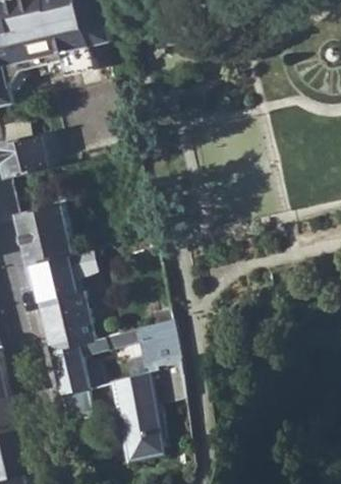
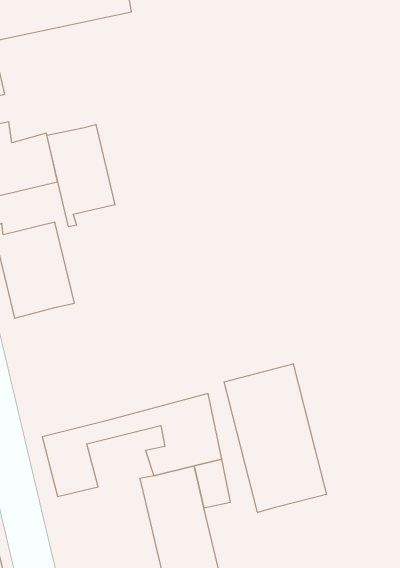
building: none -> [47,124,115,227]
building: [26,258,92,353] -> none
building: none -> [224,364,327,513]

